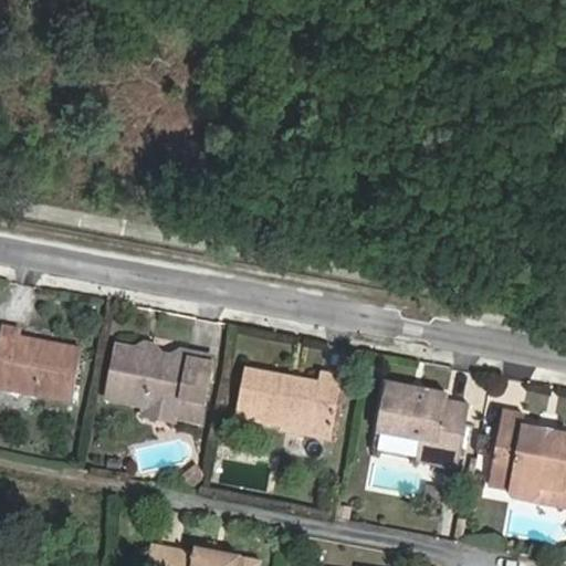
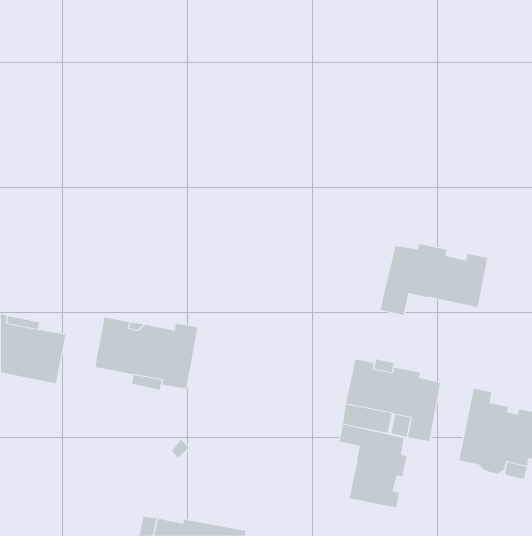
building: none -> [380,243,488,316]
building: [235,371,344,441] -> none
building: none -> [339,424,407,508]

